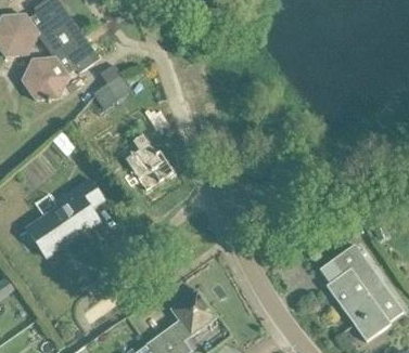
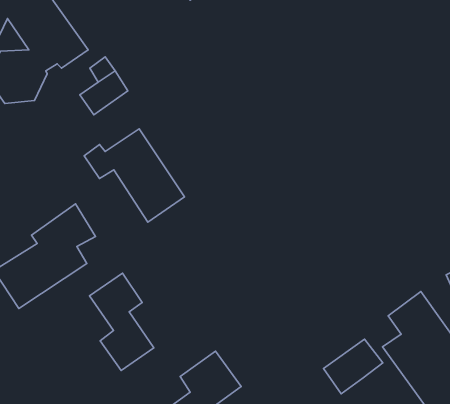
building: none -> [90,273,154,371]
building: none -> [323,339,383,394]

